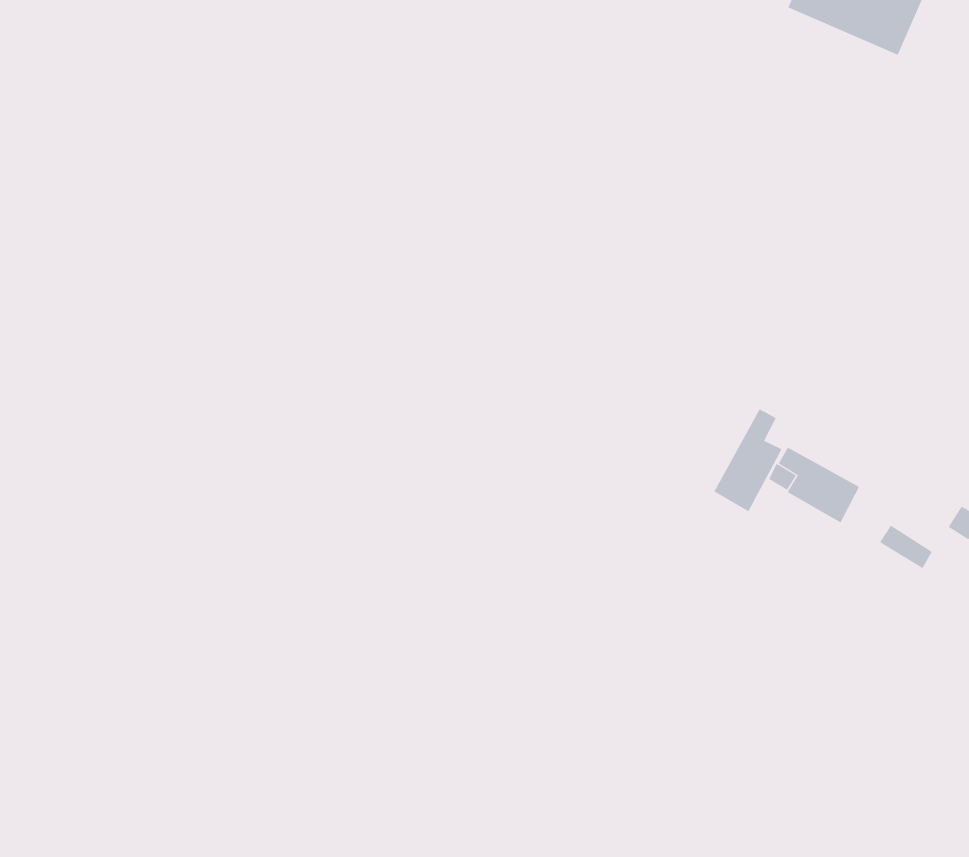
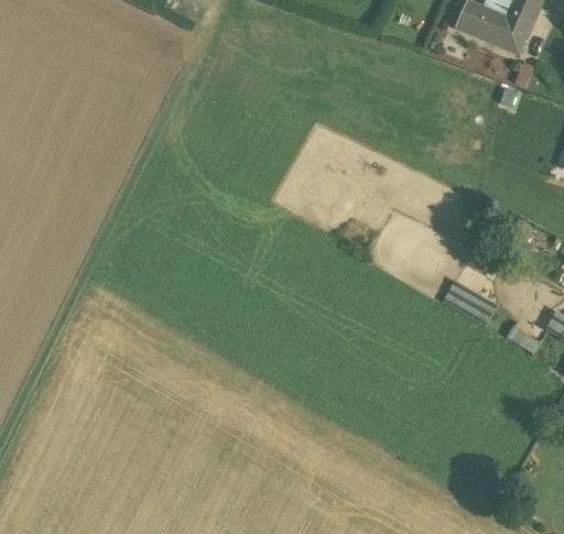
building: [714,408,782,512] -> none

